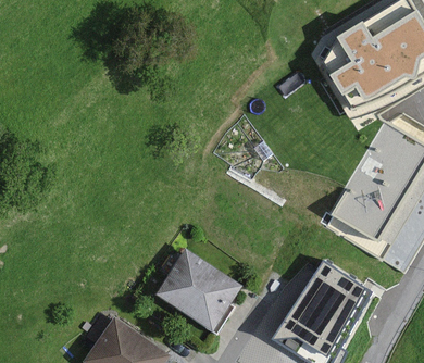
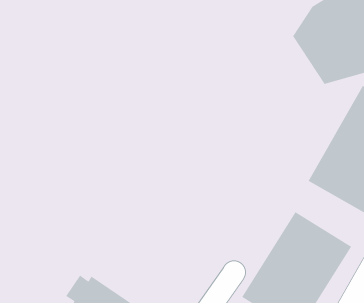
building: [151,249,239,335] -> none

